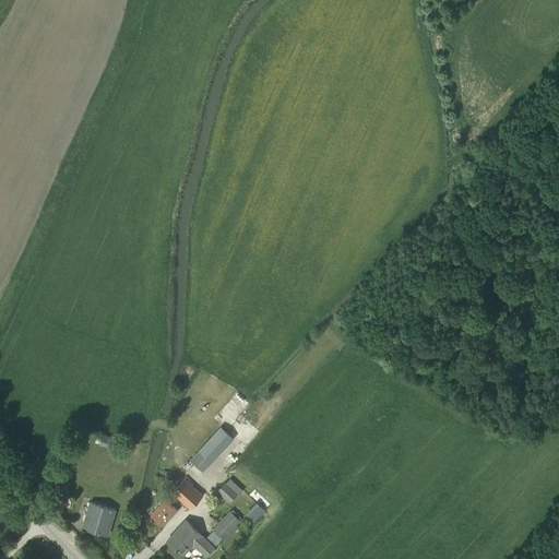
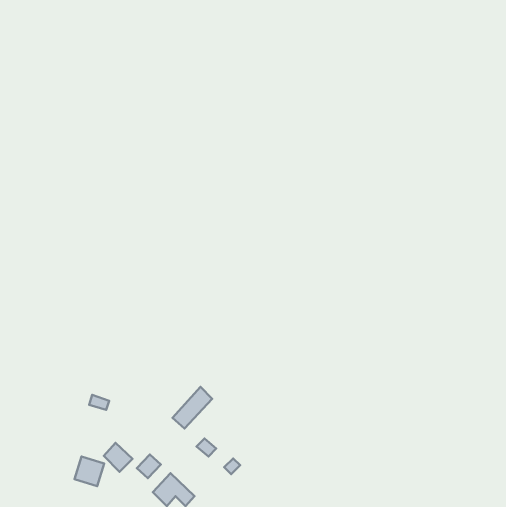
building: [173,478,204,510] -> [104,443,132,472]
building: [214,511,241,542] -> none

